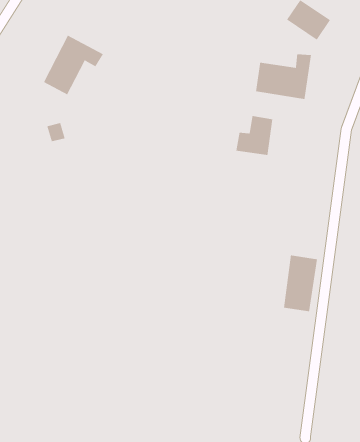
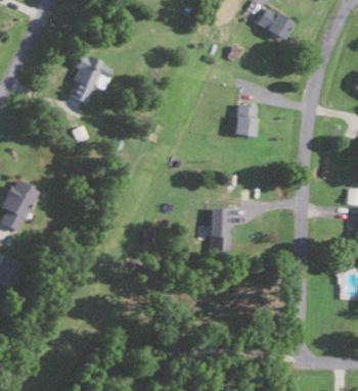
building: [256,53,311,100] -> none
building: [283,255,318,312] -> [211,208,234,252]

